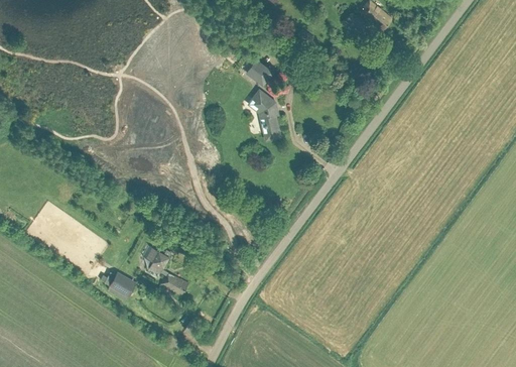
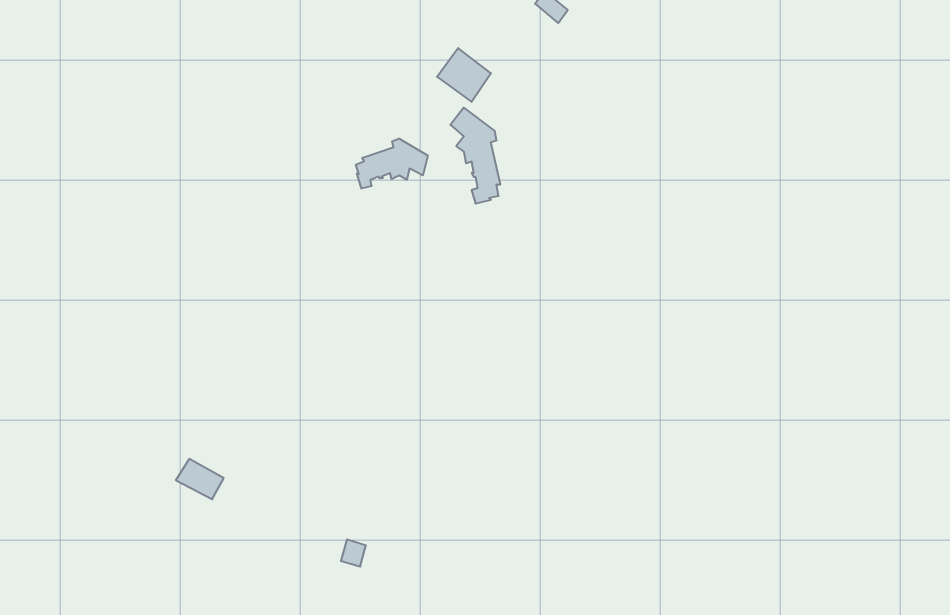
building: none -> [356,139,428,189]
building: [146,248,187,296] -> none

